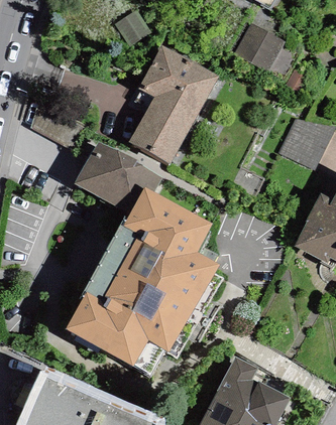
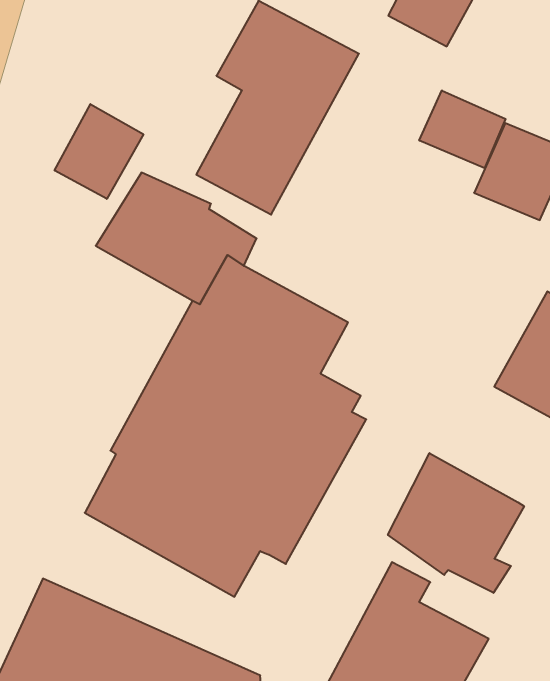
building: none -> [419,90,506,168]
building: none -> [55,104,143,199]
building: none -> [388,453,524,593]

